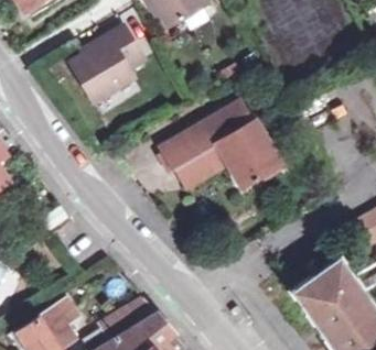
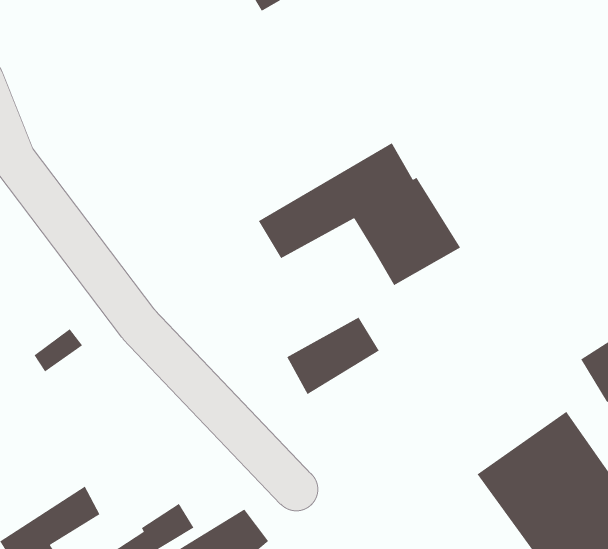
building: [69,26,146,103] -> none
building: [180,145,234,190] -> [286,316,380,395]

